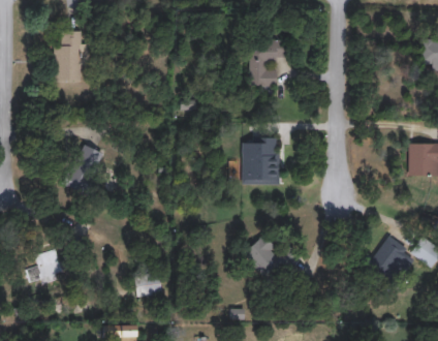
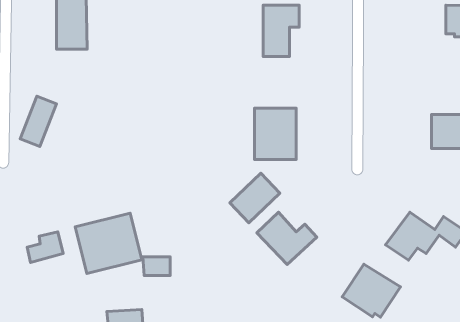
building: [65,143,99,190] -> [20,96,56,146]
building: none -> [230,173,280,223]
building: none -> [75,213,142,274]
building: none -> [342,264,400,317]

